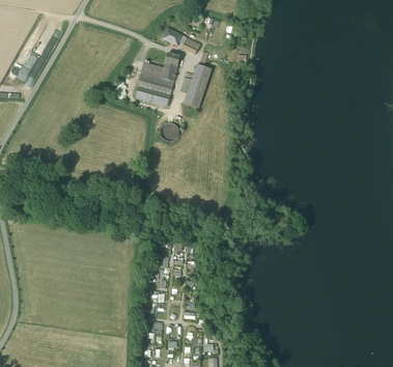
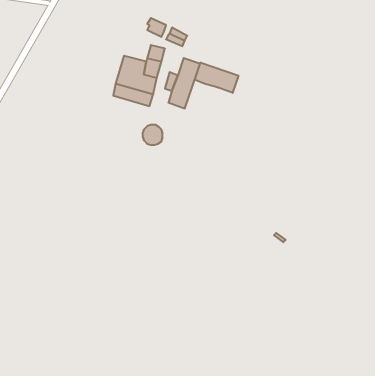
building: none -> [195,63,238,93]

